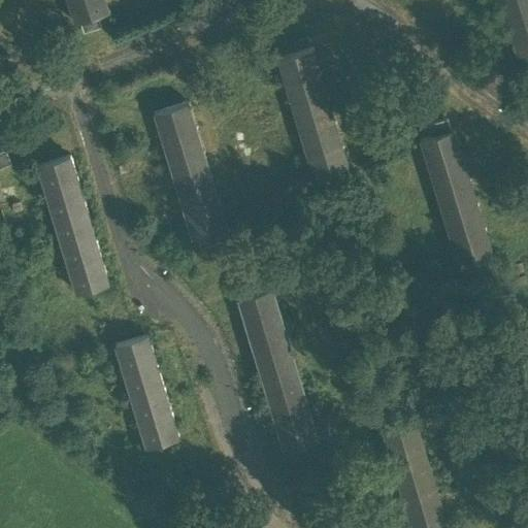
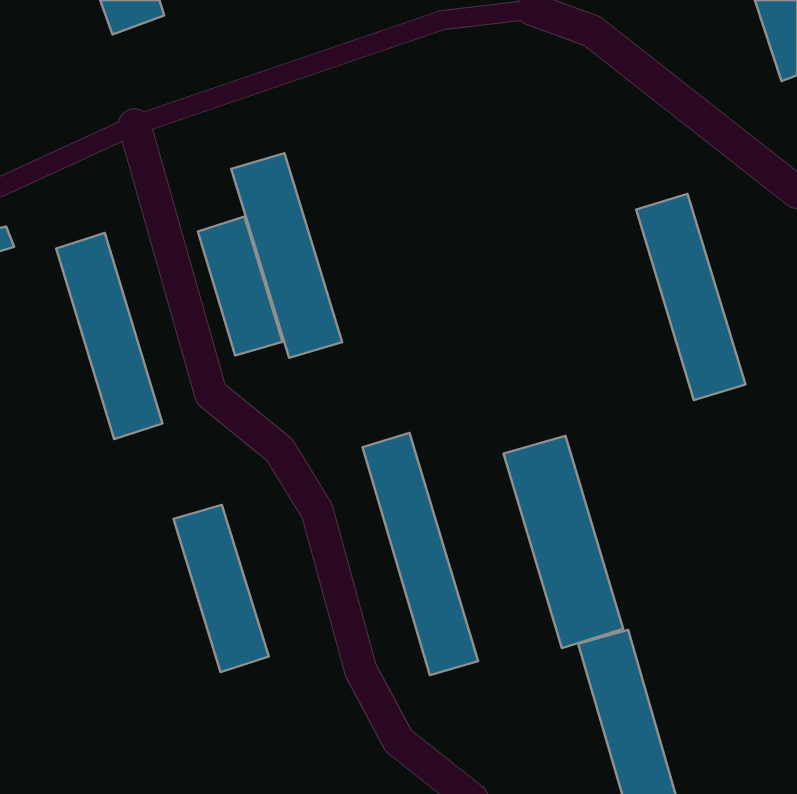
building: [275,50,350,186] -> none
building: none -> [198,217,282,356]
building: none -> [503,436,623,648]

